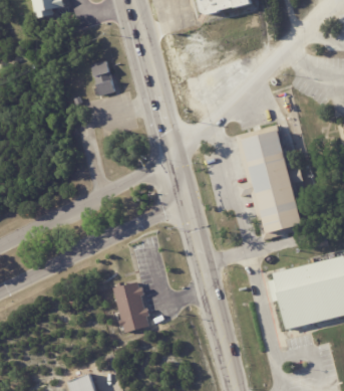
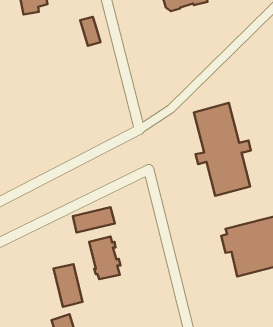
building: [90,62,114,96] -> [80,17,100,46]
building: none -> [73,207,115,233]
building: none -> [54,264,82,307]

